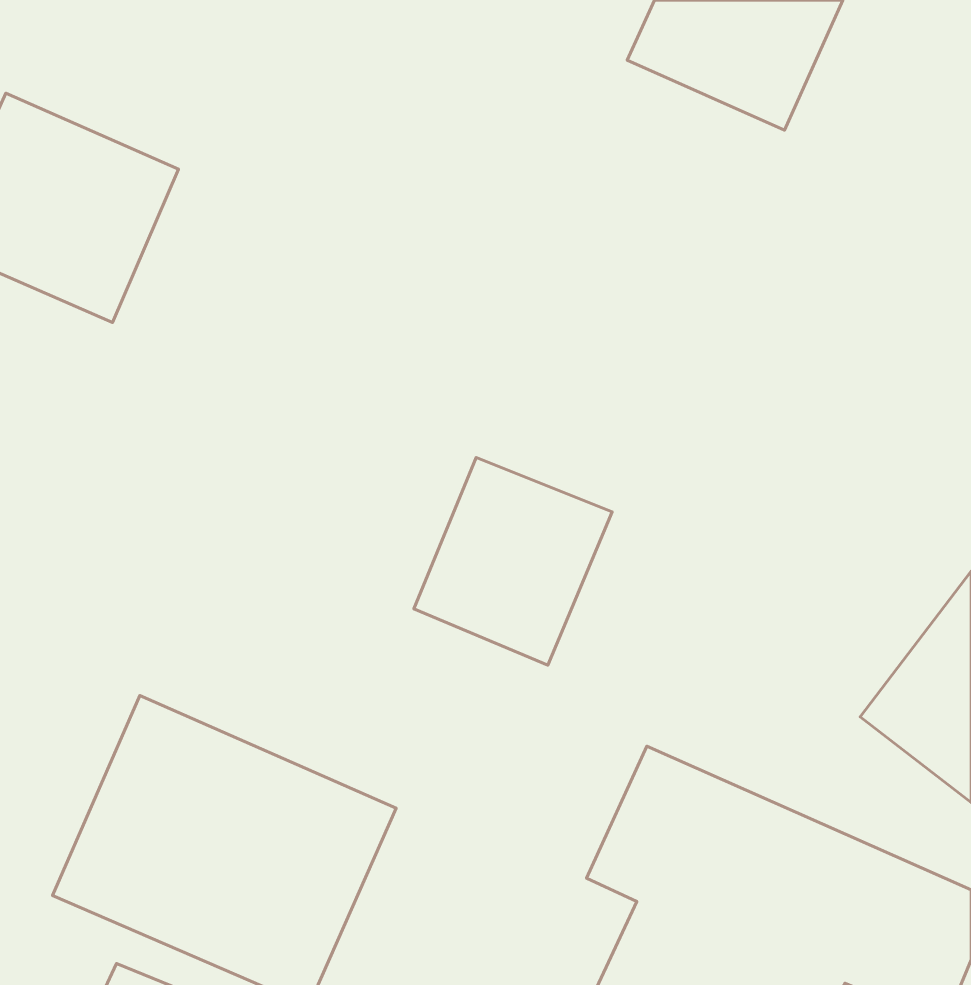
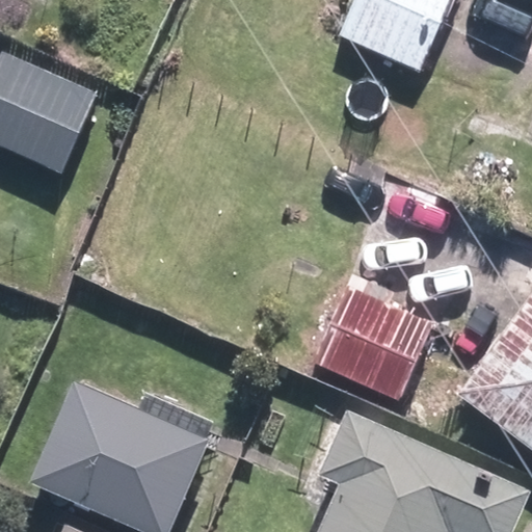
building: [414,457,612,665] -> [326,289,432,400]

